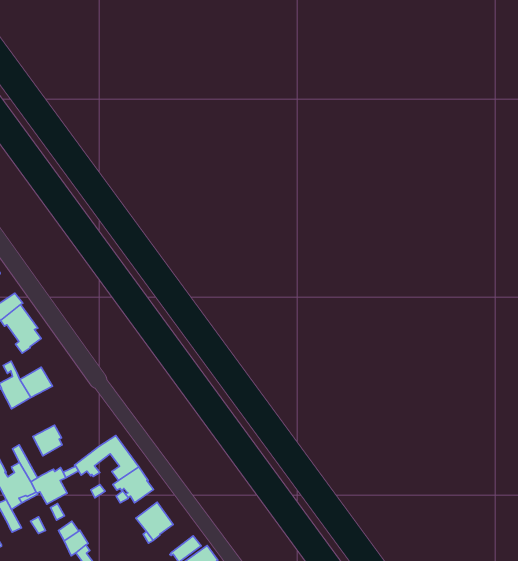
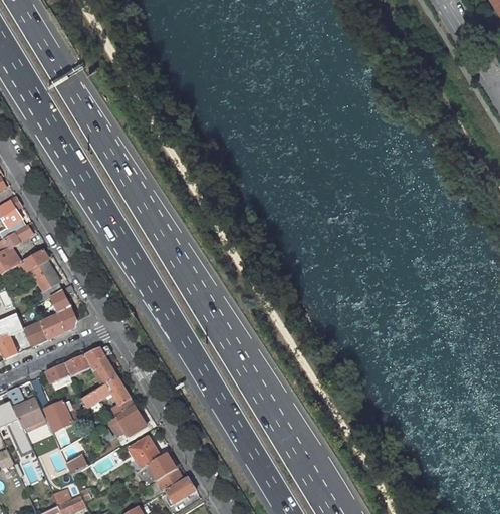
building: none -> [50,284,75,330]
building: none -> [65,344,116,384]
building: none -> [147,452,175,479]

